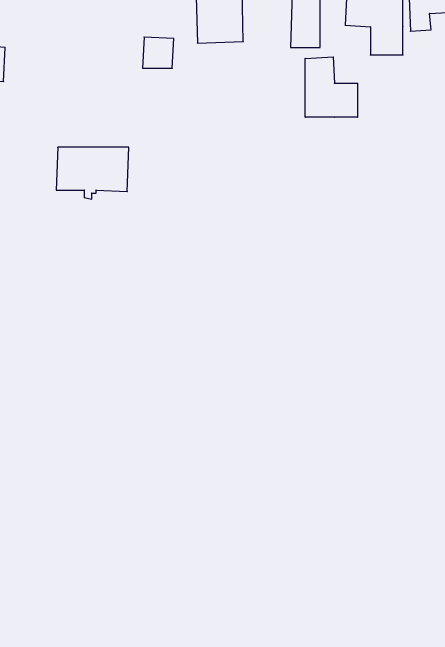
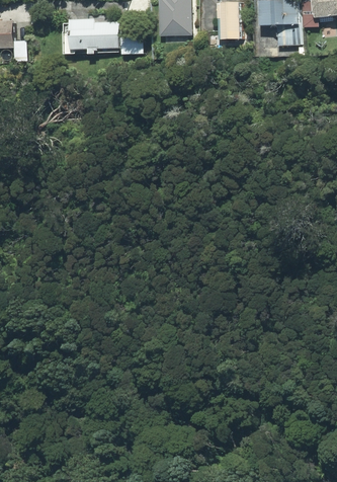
building: [305,57,358,117] -> none
building: [56,147,129,199] -> [69,19,118,55]

